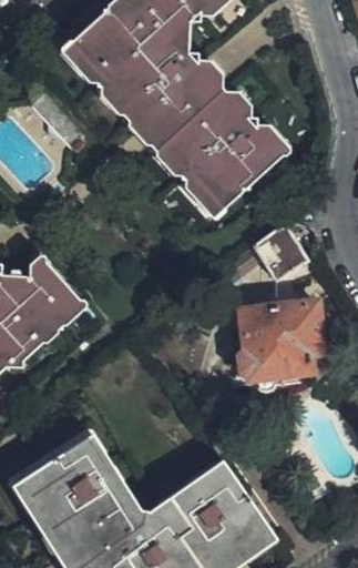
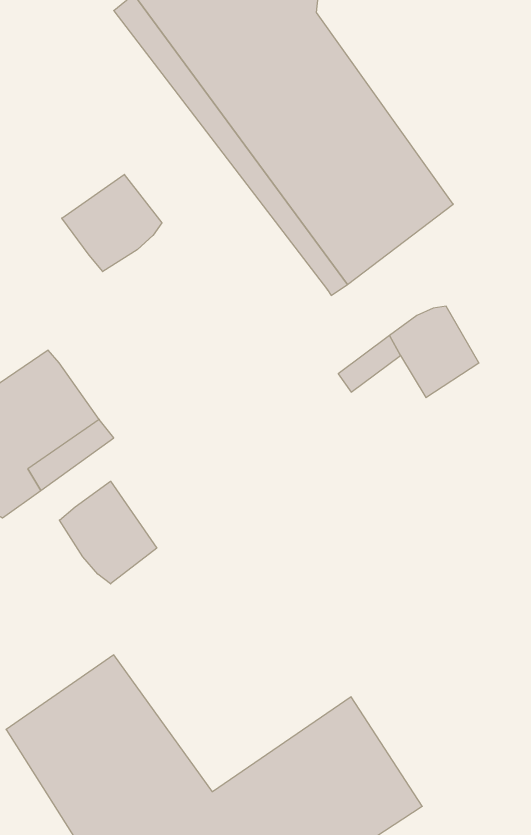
building: none -> [62,174,162,272]
building: [236,301,316,376] -> none
building: none -> [59,481,157,584]

